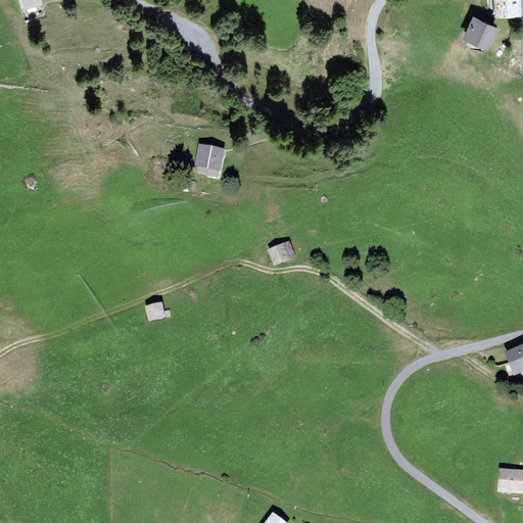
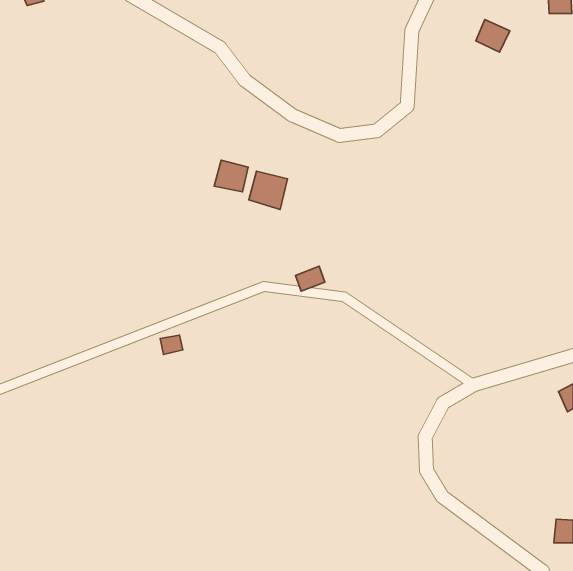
building: [468,14,498,44] -> [476,19,510,52]
building: none -> [249,171,288,209]

